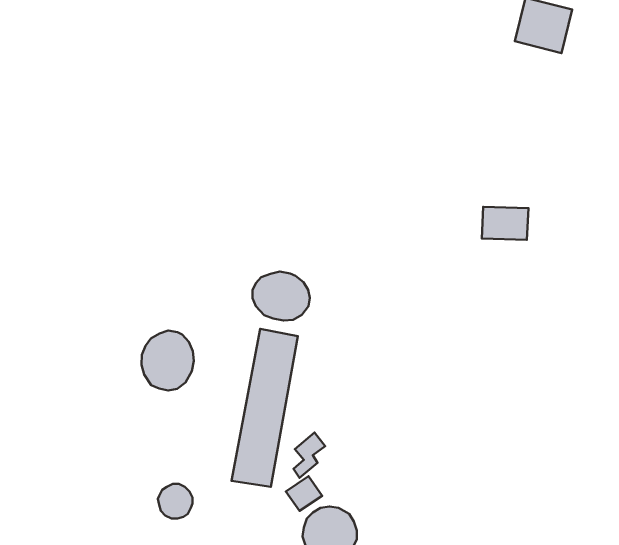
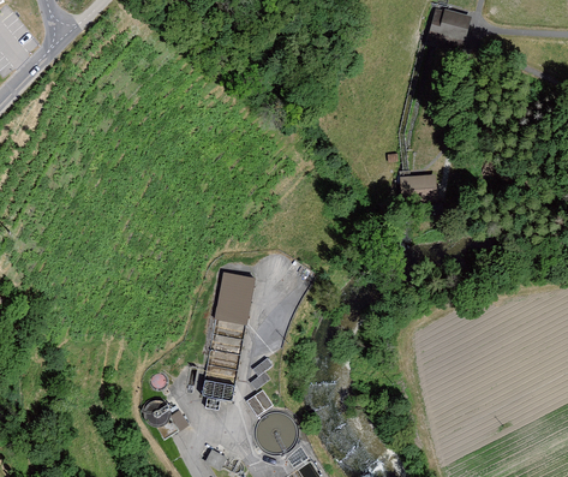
building: [252,272,310,320] -> none
building: [142,330,194,390] -> none

